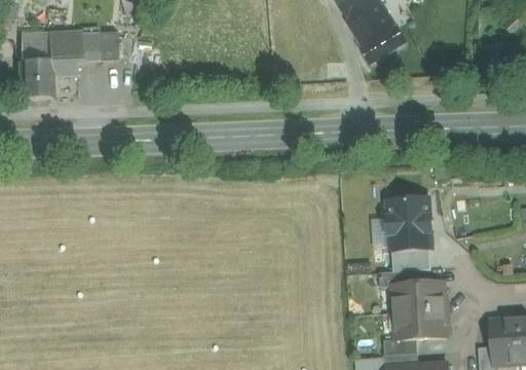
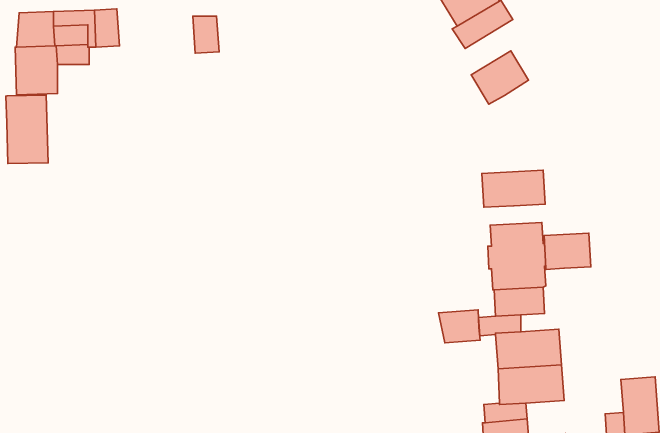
building: [98,31,118,60] -> [193,16,219,53]
building: none -> [471,51,528,104]
building: none -> [6,95,48,164]
building: none -> [482,170,545,207]
building: none -> [544,233,591,269]
building: none -> [439,310,480,343]

